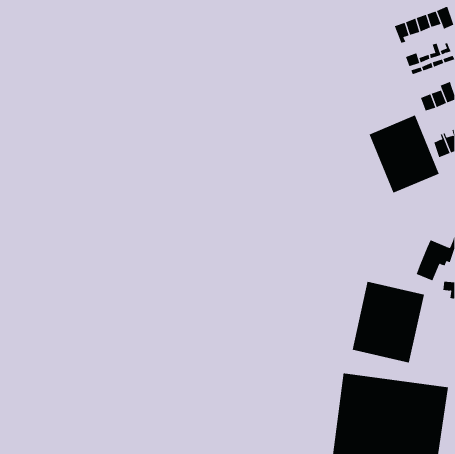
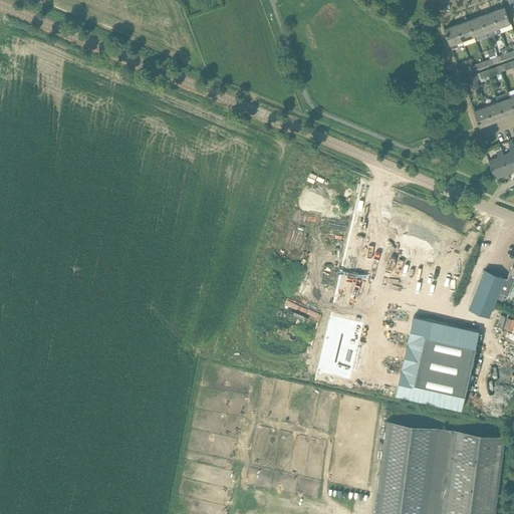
building: [369,115,439,194] -> none

